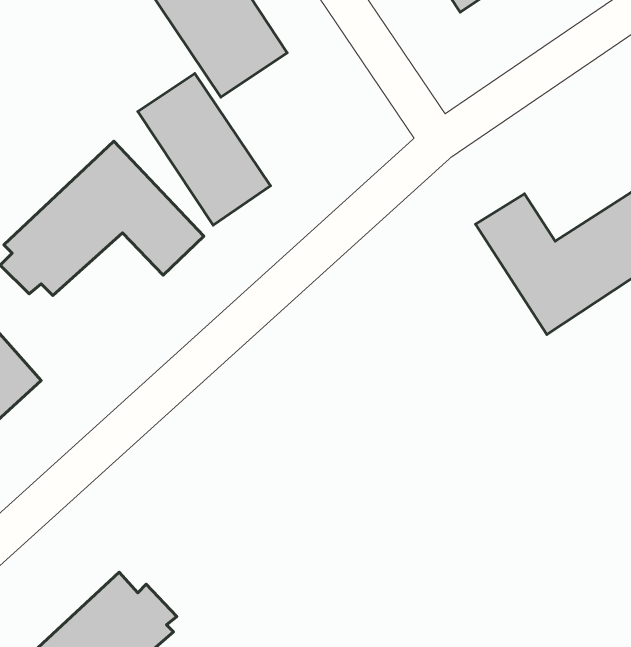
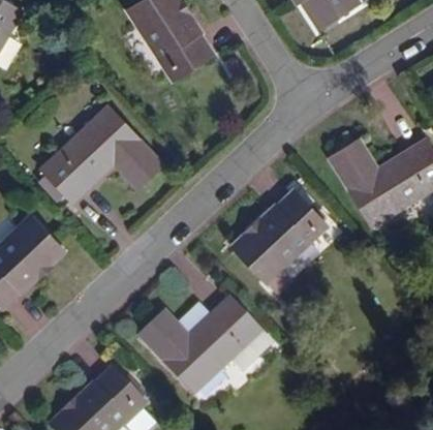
building: [138,74,270,225] -> none
building: none -> [233,191,327,283]
building: none -> [140,297,270,393]

